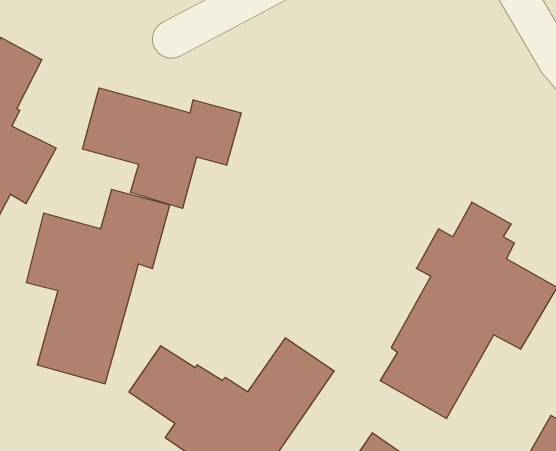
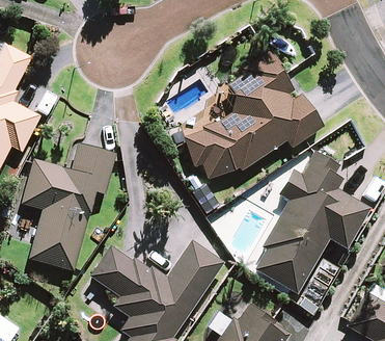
building: none -> [184,52,324,180]
building: [83,88,241,208] -> none

